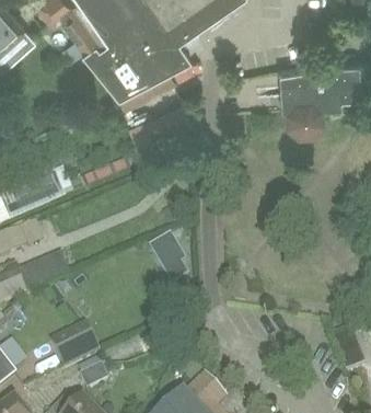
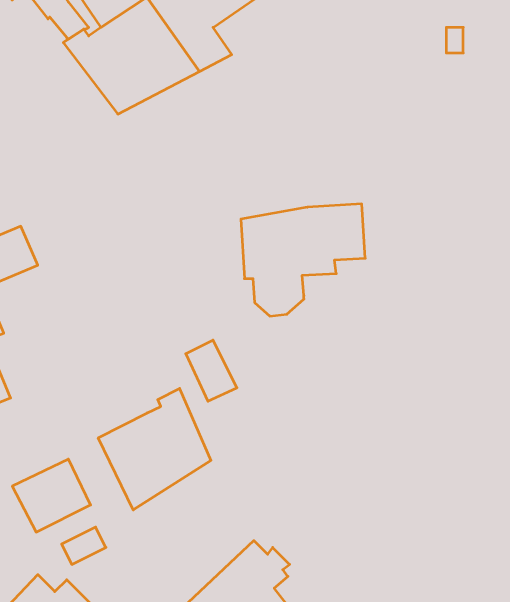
building: [278,60,358,133] -> [241,204,365,316]
building: none -> [98,388,211,510]

